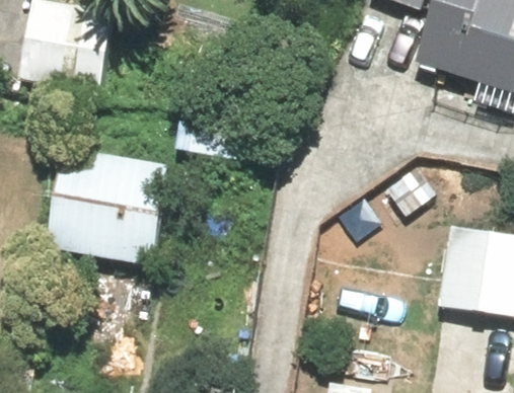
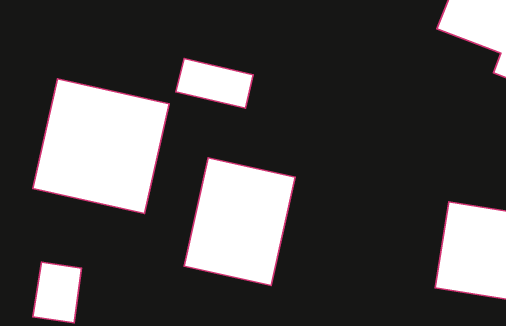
building: none -> [184,158,295,285]

